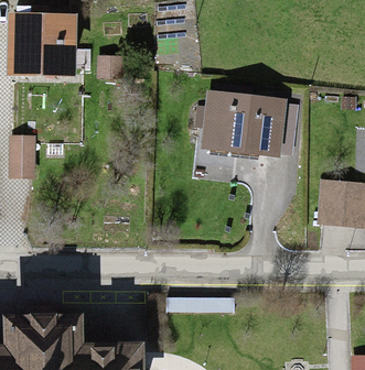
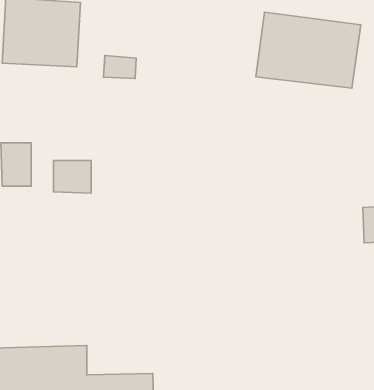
building: [203,94,294,160] -> [256,12,361,88]
building: none -> [53,160,91,193]

